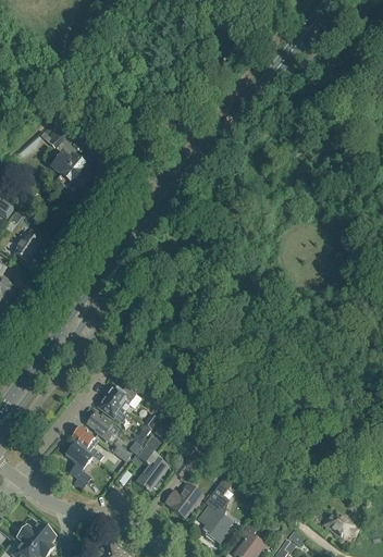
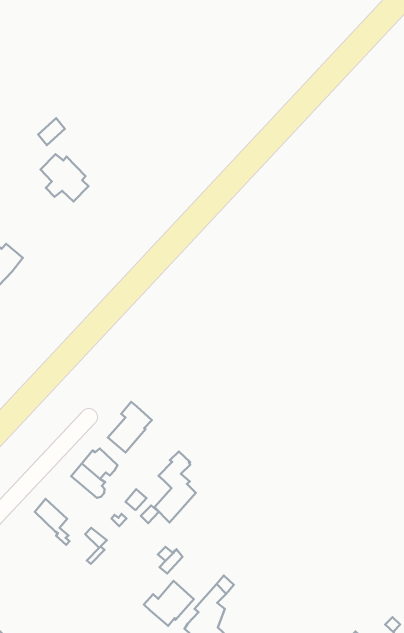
building: none -> [108,402,152,453]
building: [86,412,119,441] -> none
building: [136,435,168,492] -> [154,451,196,522]
building: [65,444,91,488] -> none

